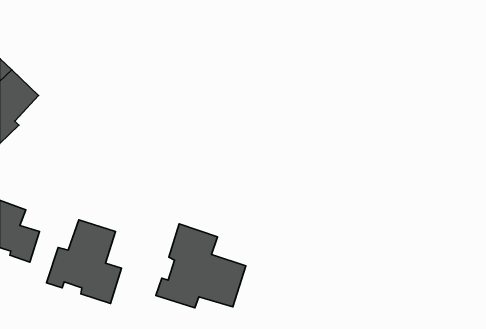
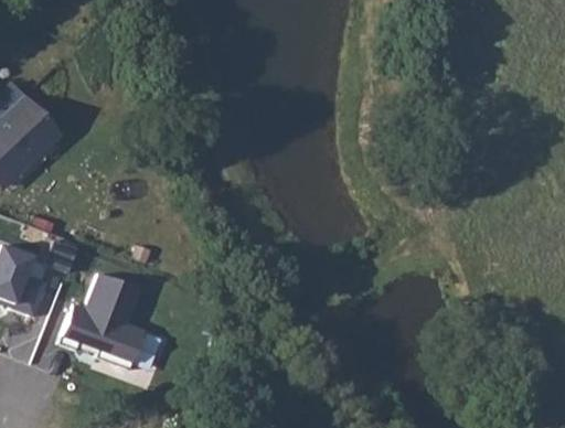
building: [156,224,246,308] -> none

